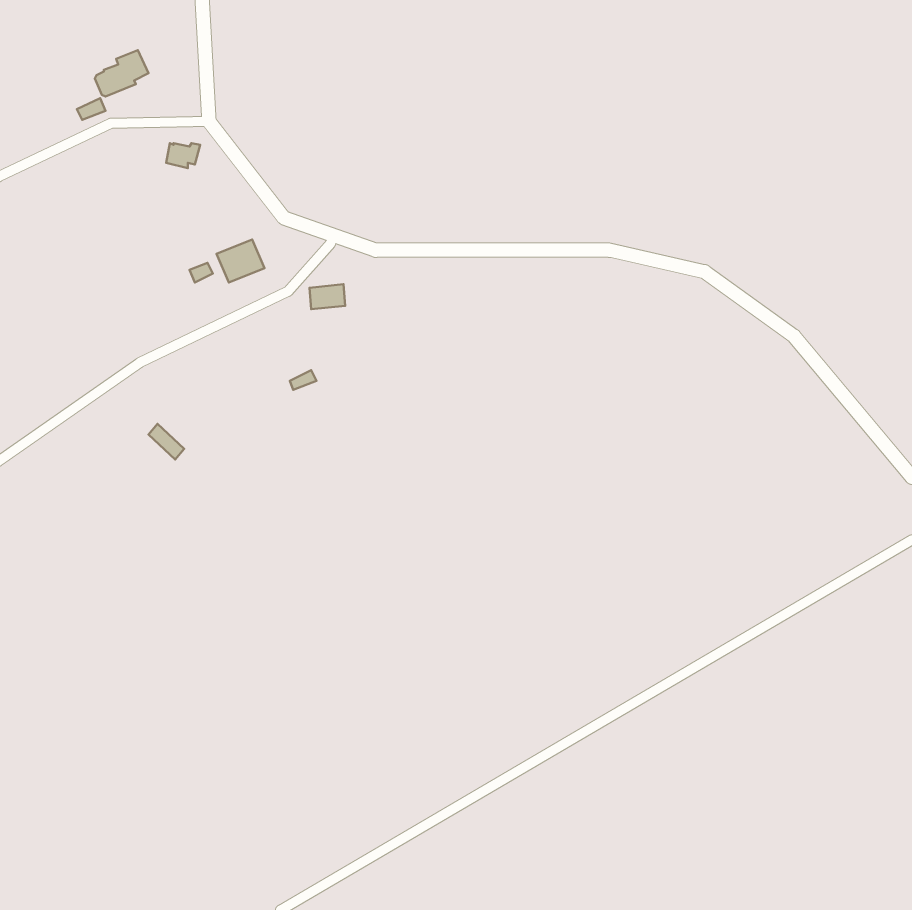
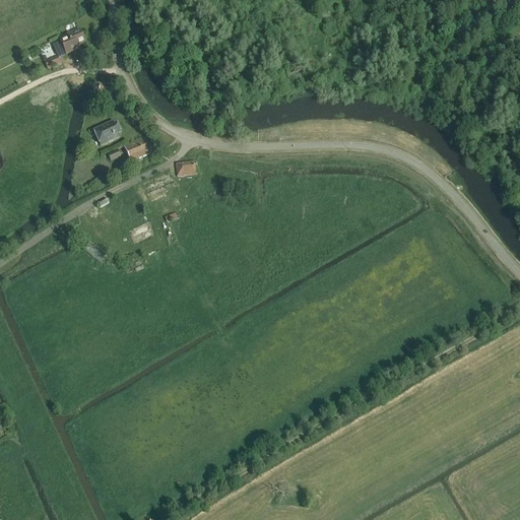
building: none -> [92,122,120,145]

